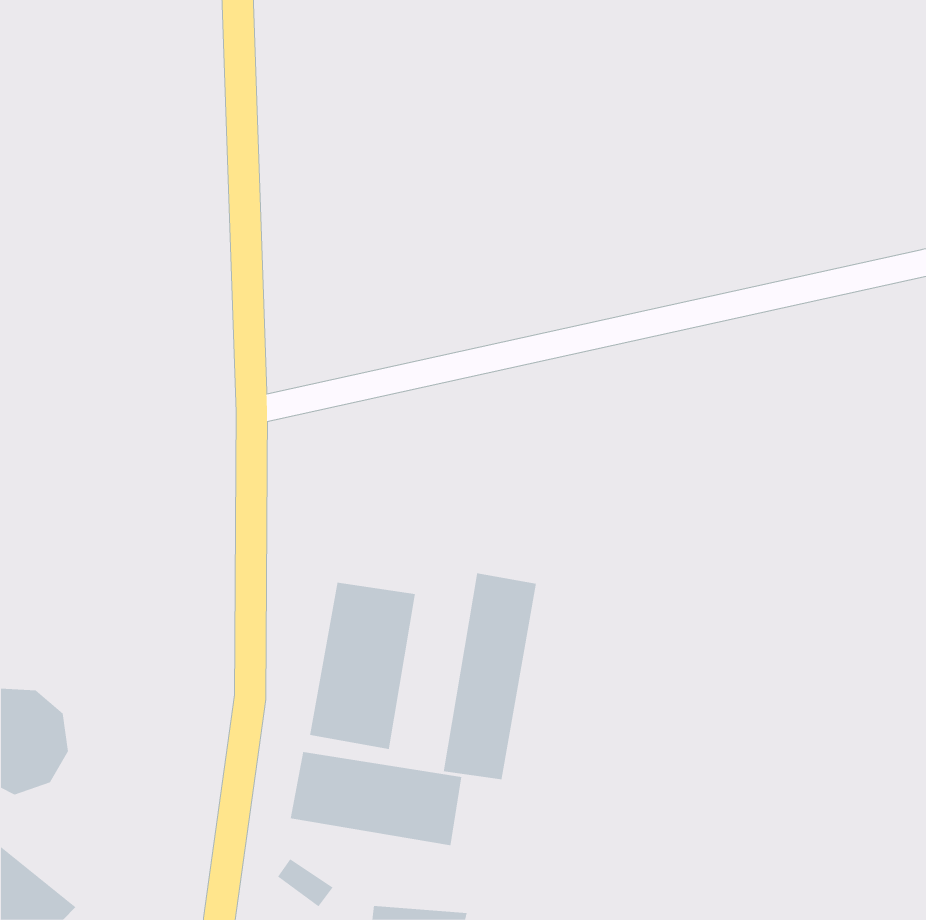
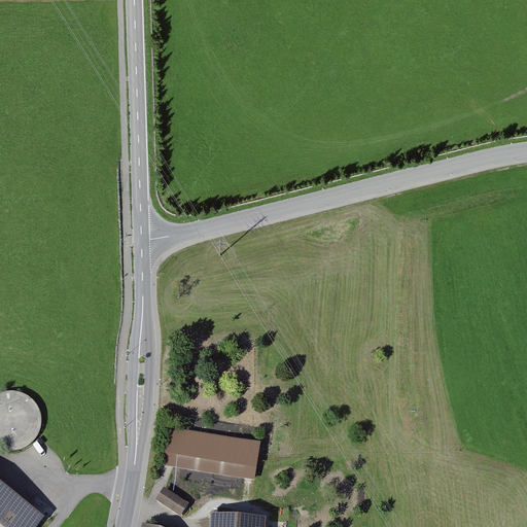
building: [443,572,536,780] -> none
building: [310,582,416,750] -> none

